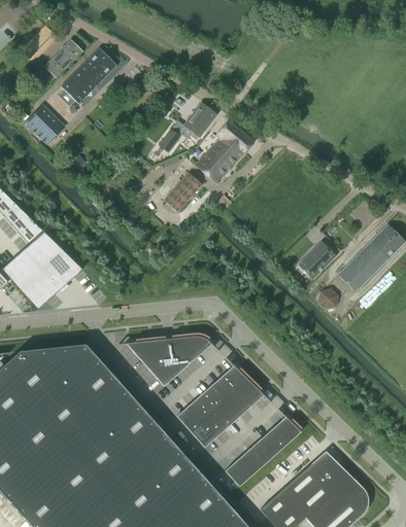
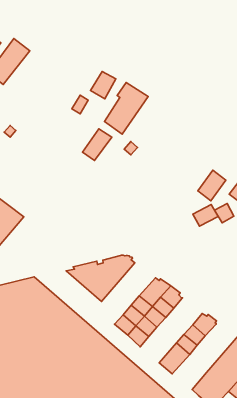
building: none -> [193,204,218,226]

